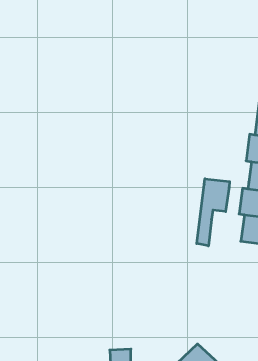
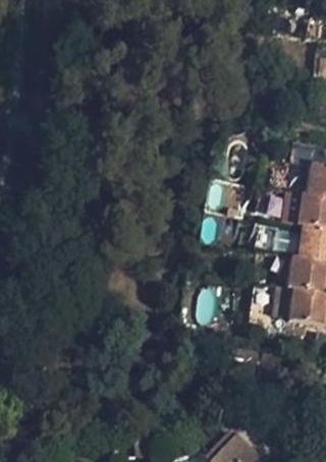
building: [197,179,230,246] -> none

